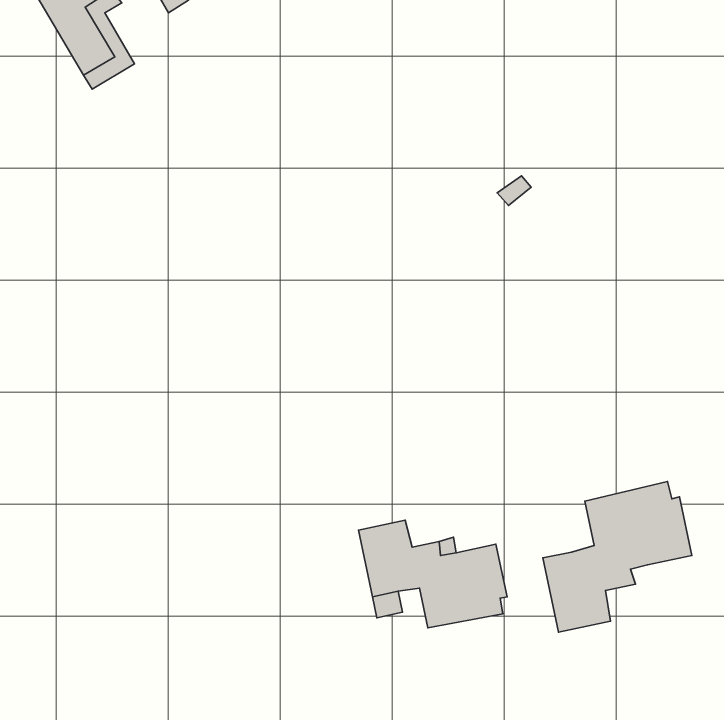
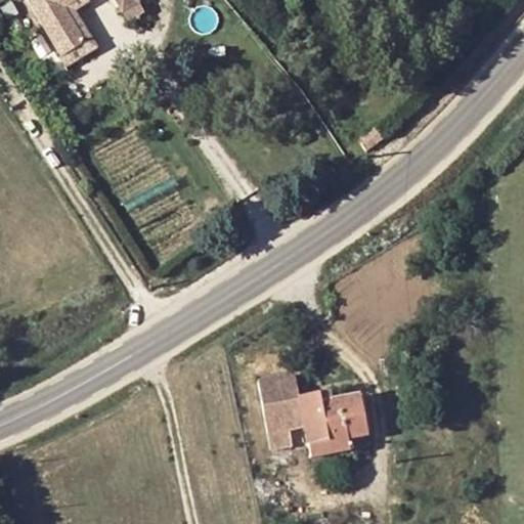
building: [543,482,692,632] -> none

